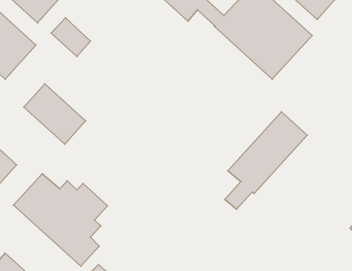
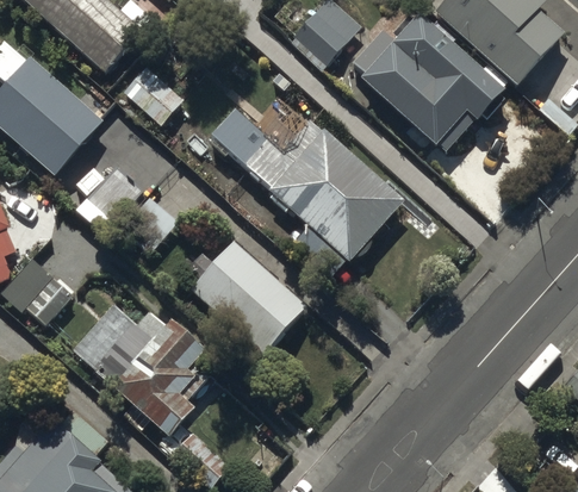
building: none -> [211,108,405,262]
building: [225,112,307,209] -> none
building: none -> [189,238,307,353]

